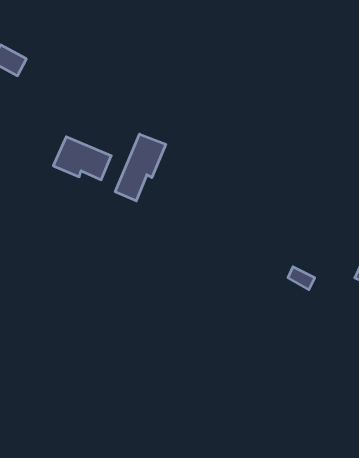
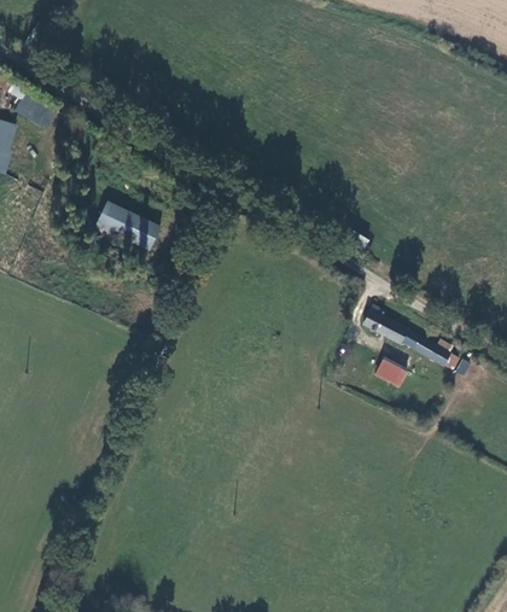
building: [115,134,166,201] -> none
building: none -> [361,303,450,366]

